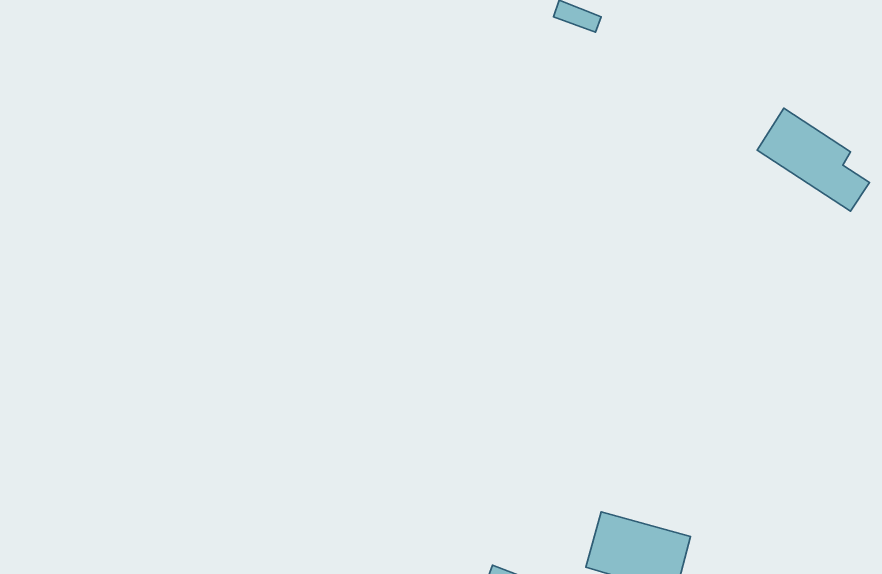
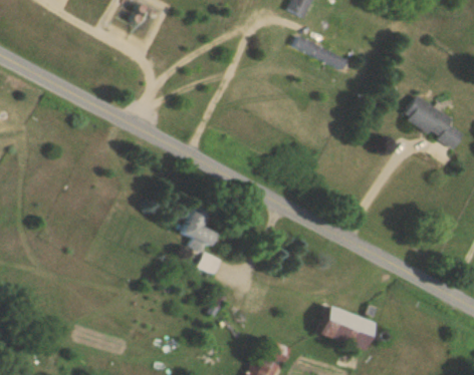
building: none -> [178,208,222,274]

